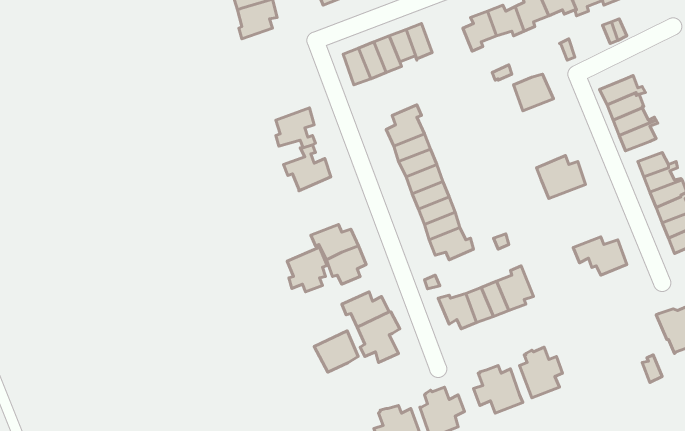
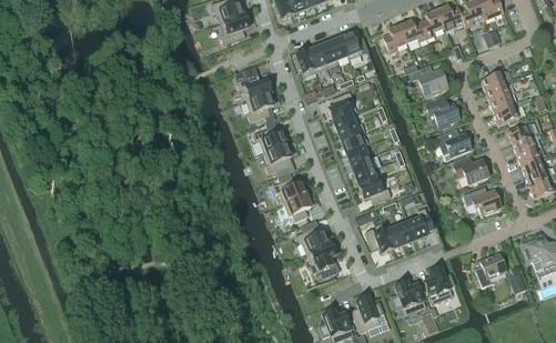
building: none -> [236,74,273,102]
building: none -> [427,99,461,128]
building: none -> [454,157,489,183]
building: [287,247,327,292] -> [264,143,293,175]
building: none -> [476,252,507,286]
building: [314,331,358,372] -> none

